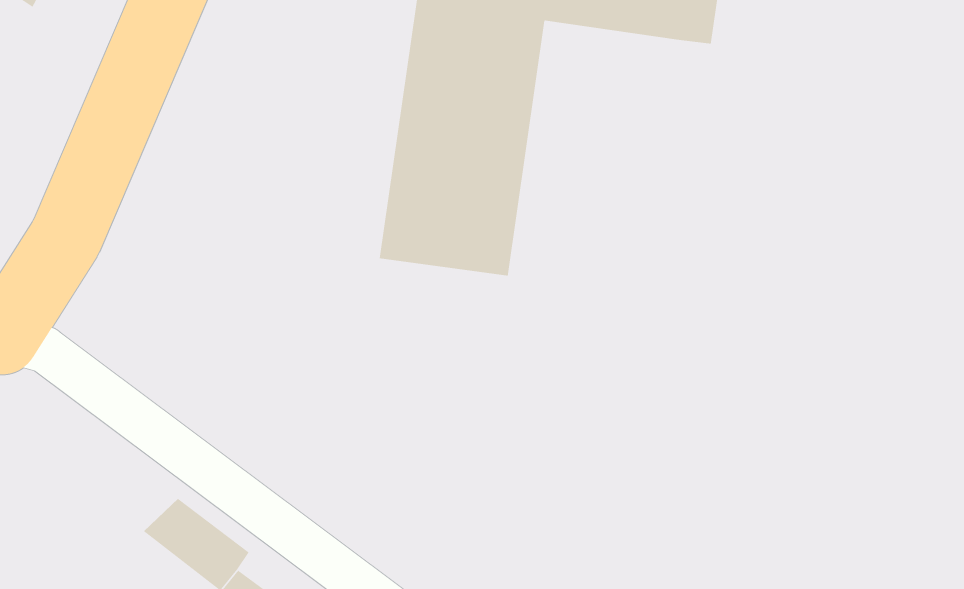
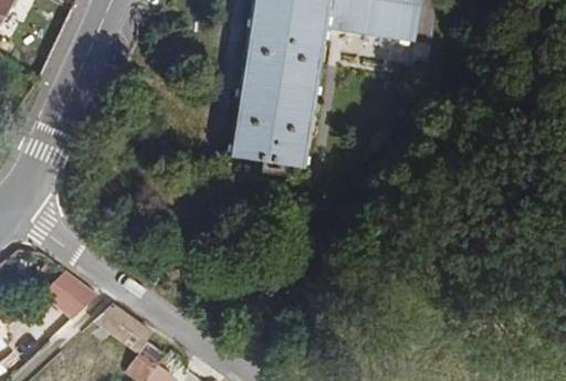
building: none -> [51,271,97,316]

